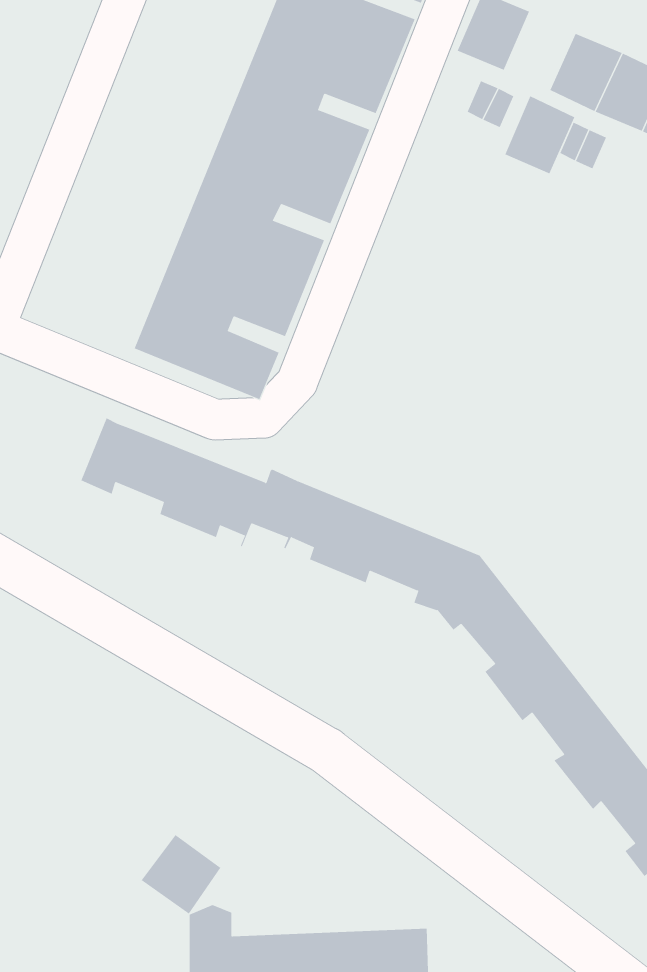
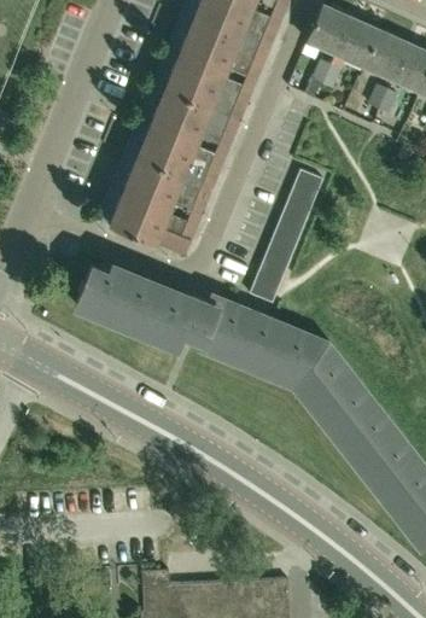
building: [504,95,575,174] -> [334,17,378,65]
building: none -> [249,169,322,302]
building: [141,834,221,914] -> none

